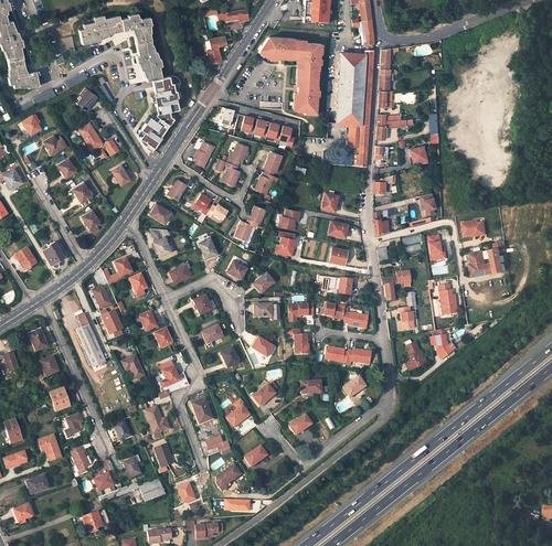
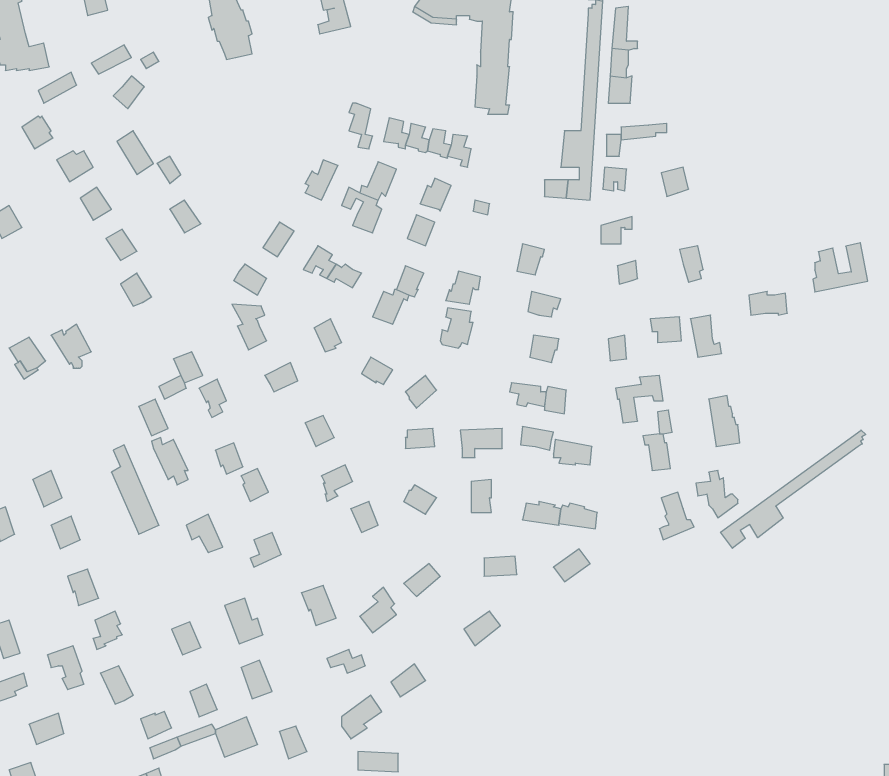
building: [336,52,364,124] -> none
building: [139,75,178,151] -> none
building: [469,247,502,277] -> [813,243,868,292]
building: none -> [721,430,866,548]

